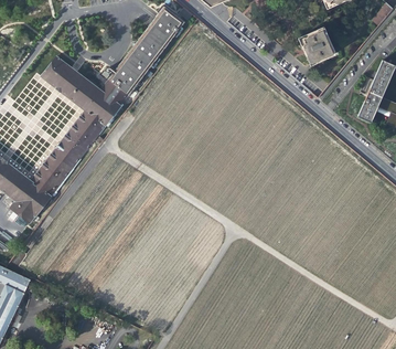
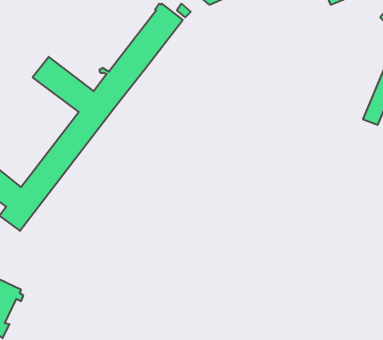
building: [299,27,335,65] -> none

